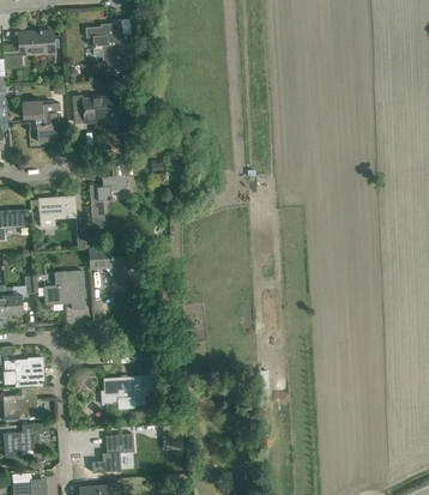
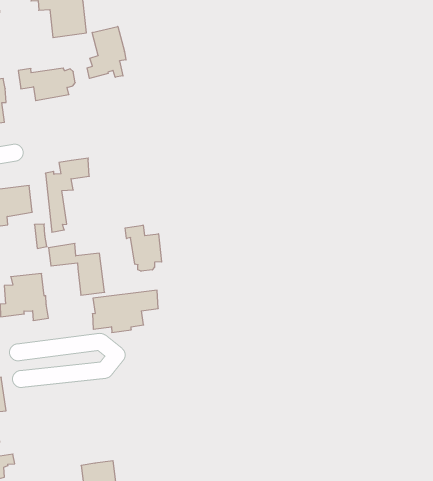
building: none -> [87,26,126,78]
building: none -> [125,225,162,271]
building: [101,375,157,409] -> [92,290,158,332]

